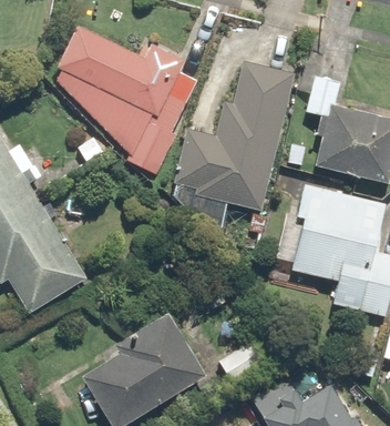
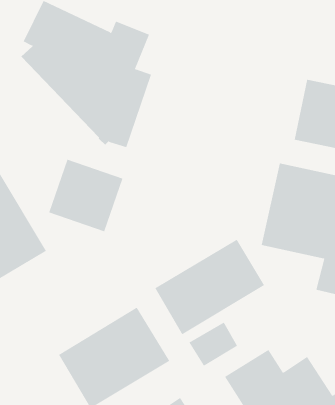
building: [175,67,292,214] -> none
building: none -> [48,159,123,232]
building: none -> [155,239,265,335]

